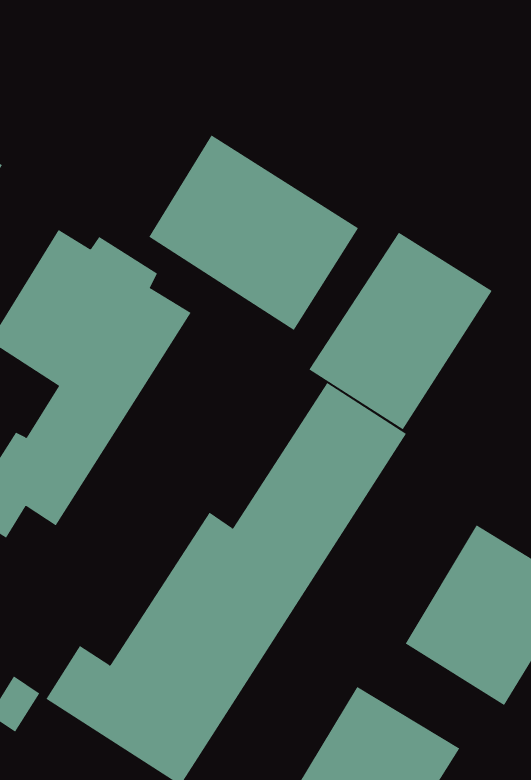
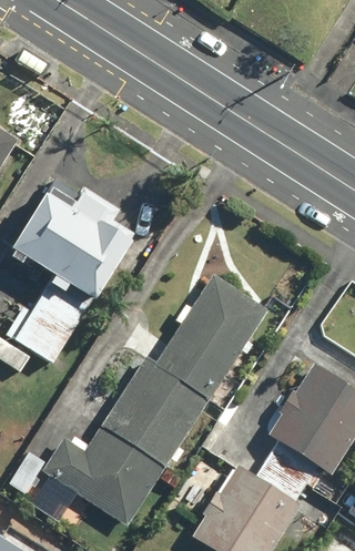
building: [148,135,359,331] -> none
building: [309,232,493,430] -> none

